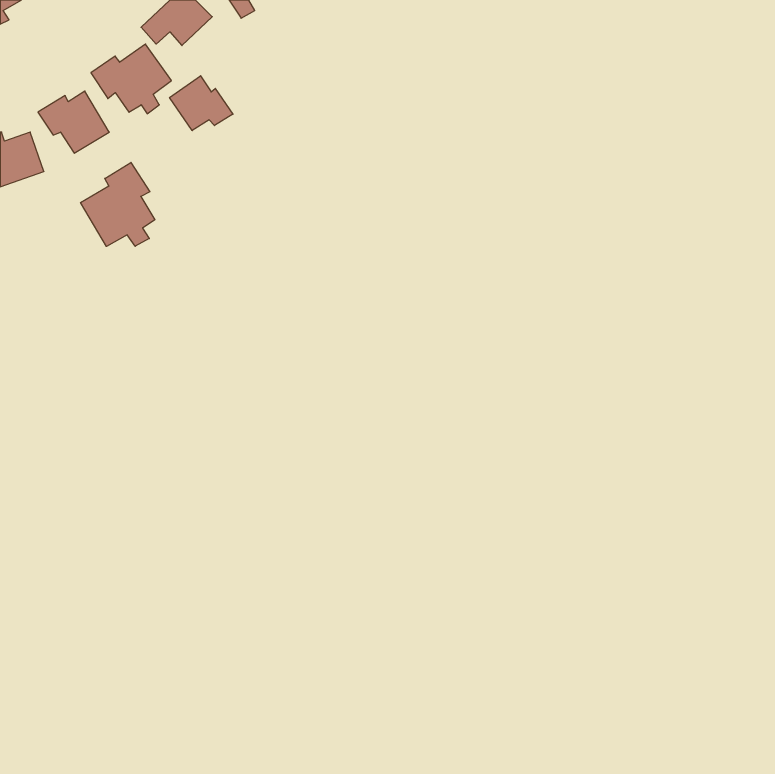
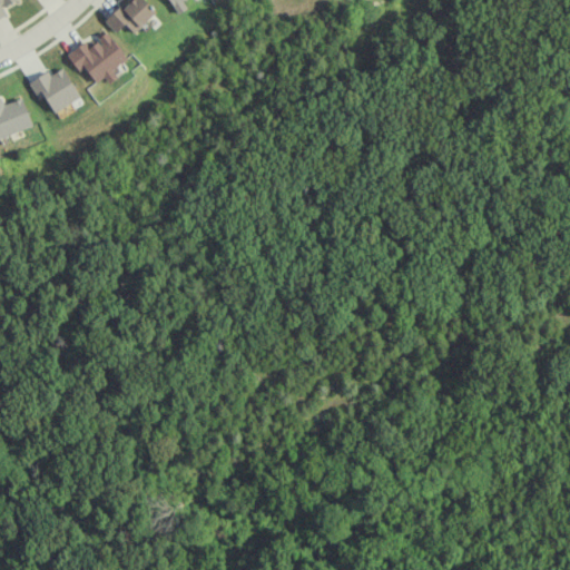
building: [170,76,233,131] -> none
building: [81,162,155,246] -> none

